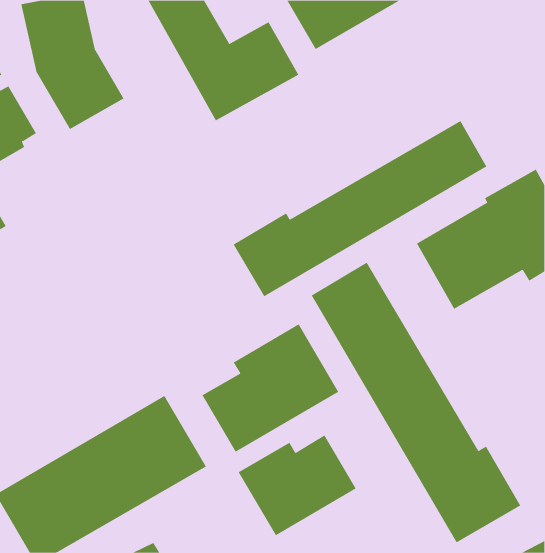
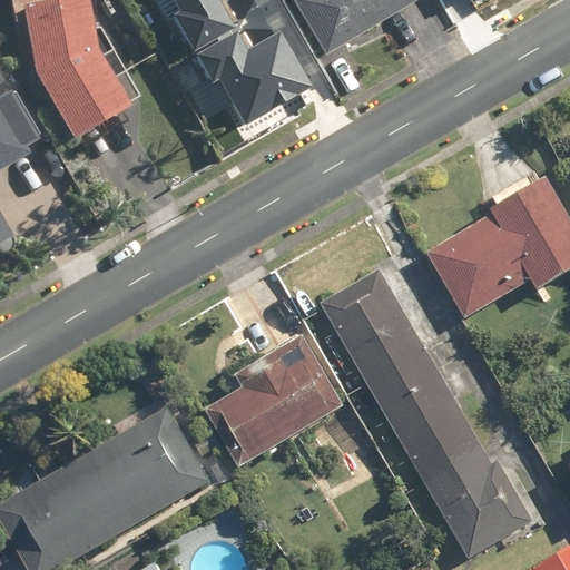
building: [233,120,487,297] -> none
building: [238,435,356,536] -> none

